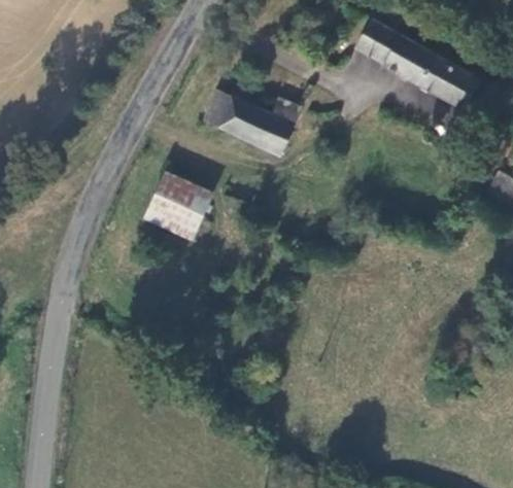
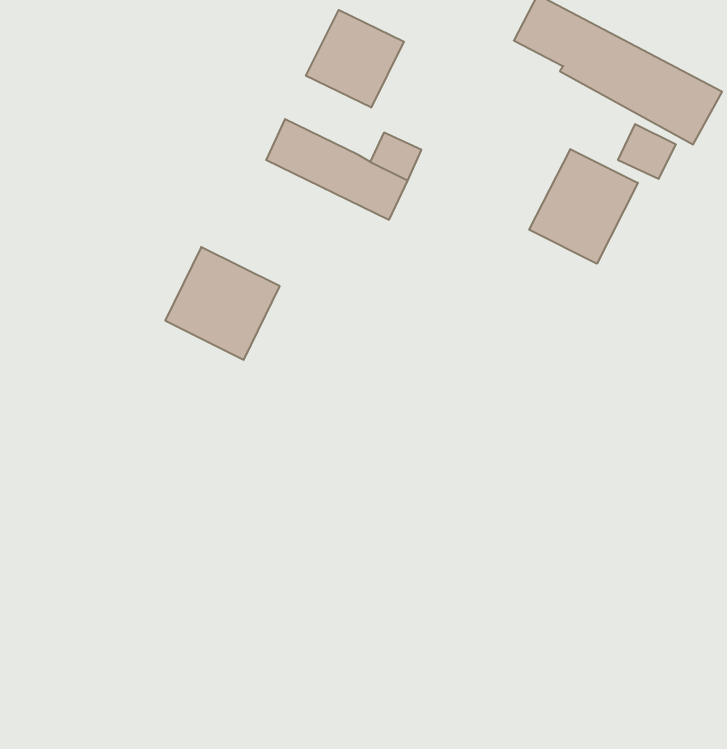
building: none -> [306,10,404,108]
building: none -> [529,149,638,264]

